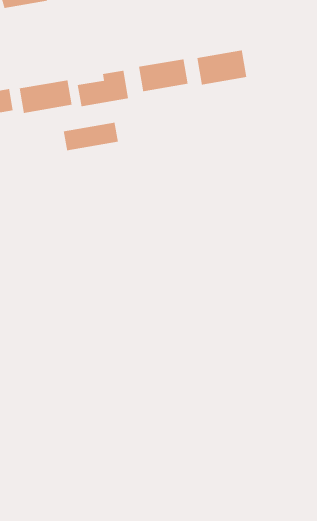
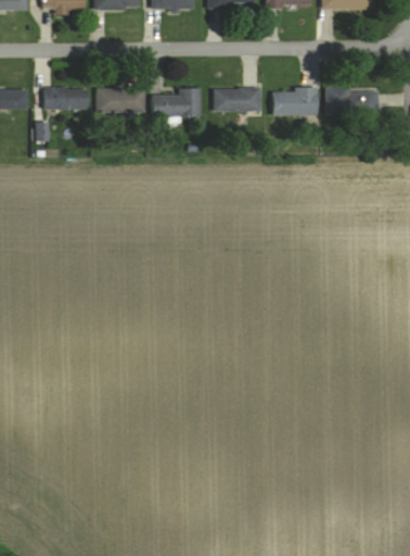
building: none -> [325,88,379,114]
building: [63,122,118,151] -> none

